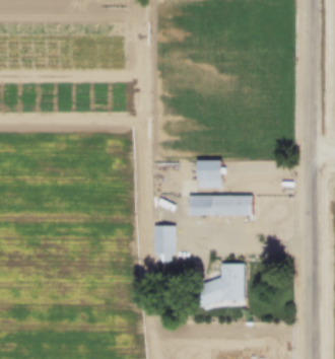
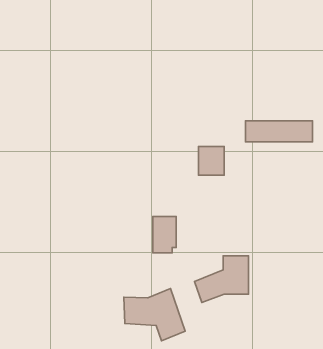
building: [188,195,252,215] -> [245,121,312,142]
building: none -> [124,289,185,341]

